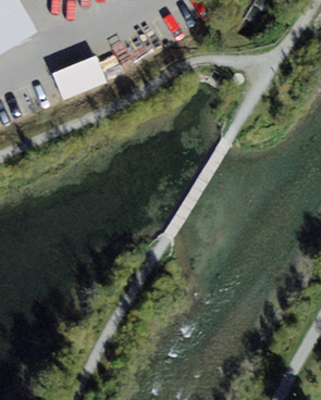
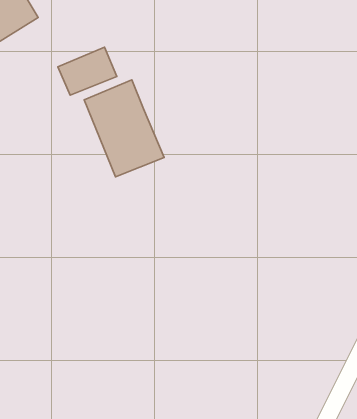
building: none -> [84,80,164,177]

